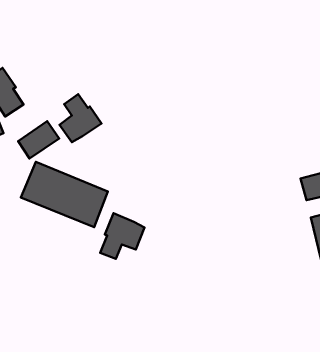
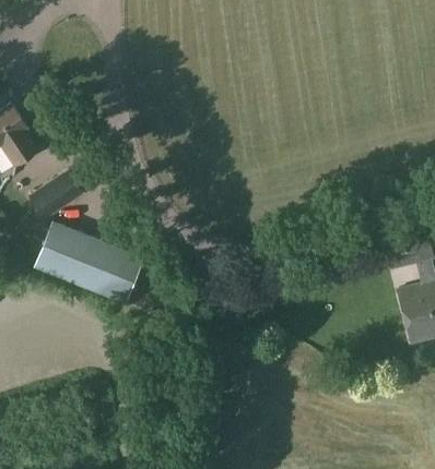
building: [59,94,101,142] -> none
building: [100,213,144,259] -> none

